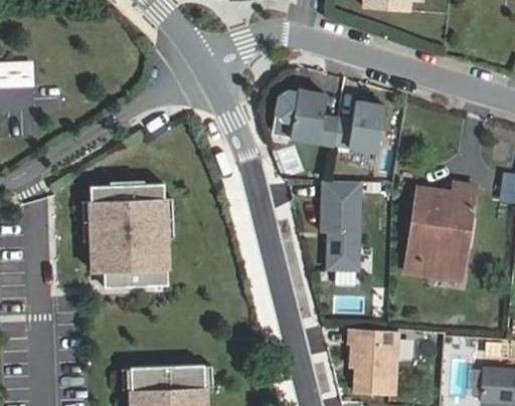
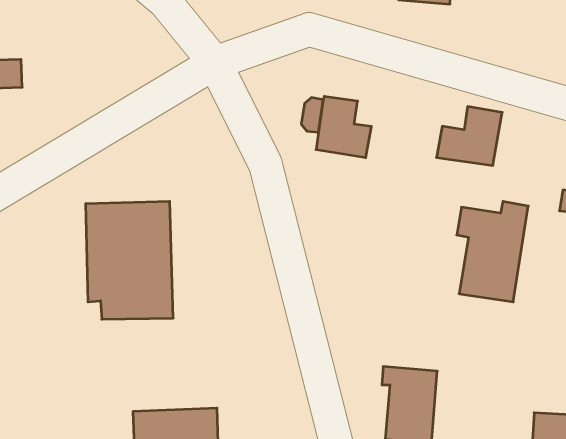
building: [334,101,391,153] -> [436,107,502,165]
building: [321,180,361,269] -> none
building: [404,213,463,281] -> none

